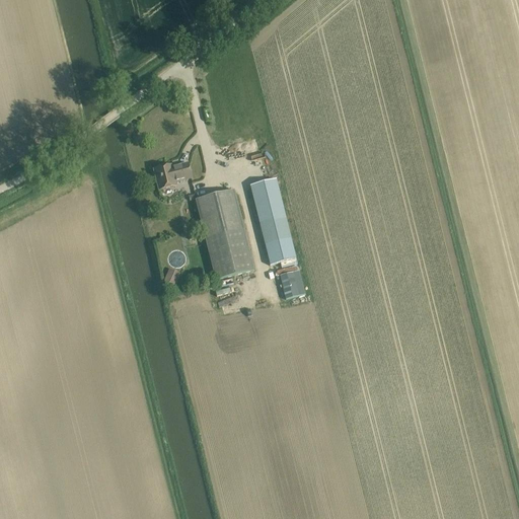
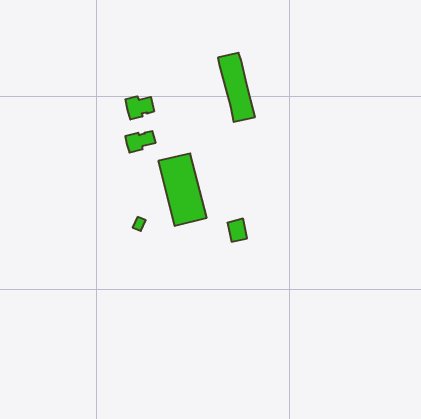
building: none -> [125,96,154,120]
building: [250,177,296,263] -> [218,53,255,122]

